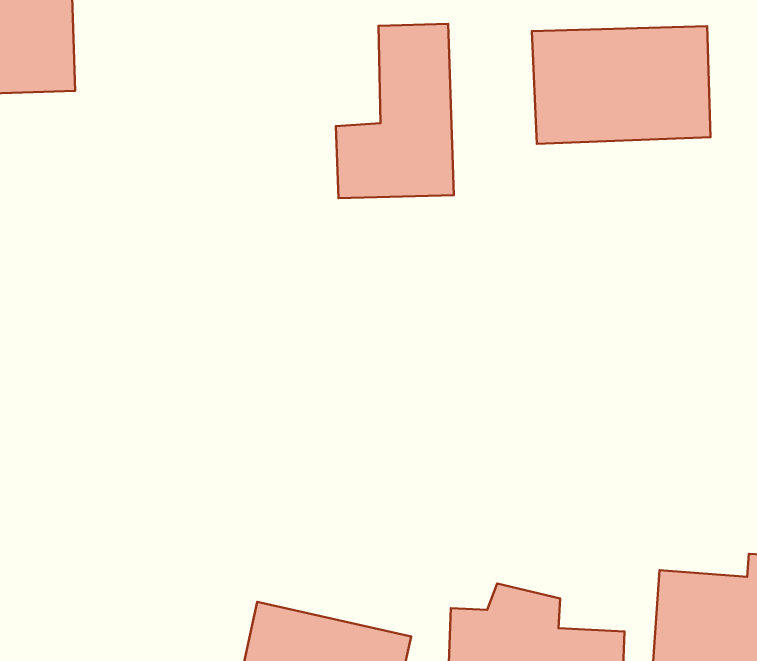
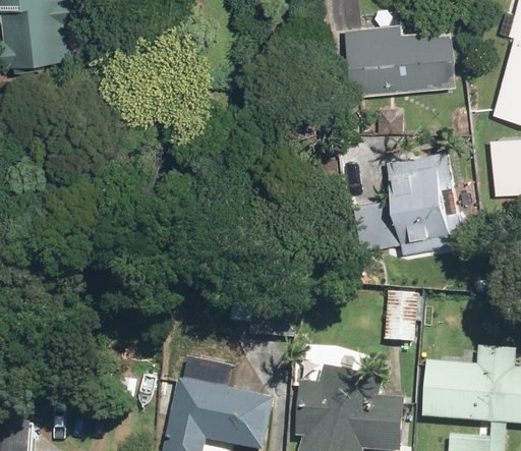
building: [336,24,454,198] -> none
building: none -> [385,147,453,252]

